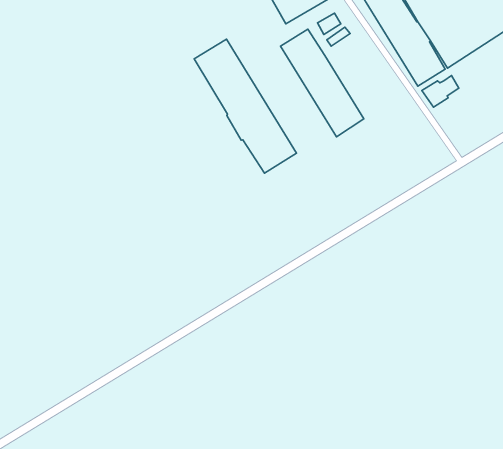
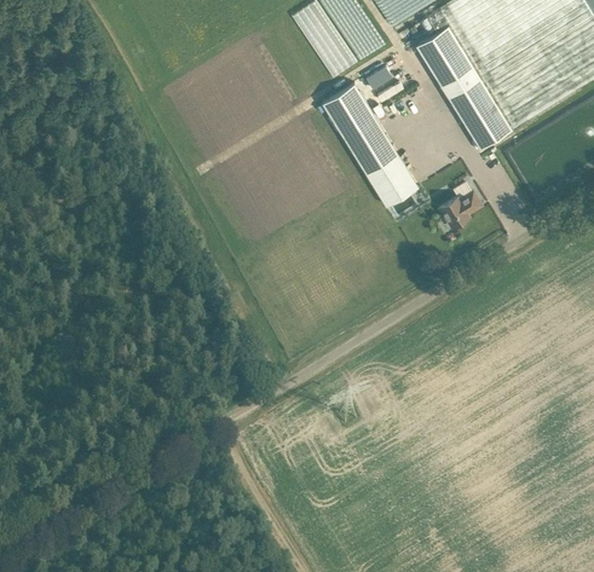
building: [194,39,297,173] -> none
building: [422,76,459,107] -> [439,192,481,229]

